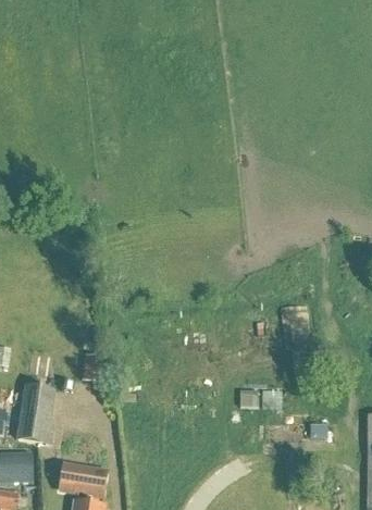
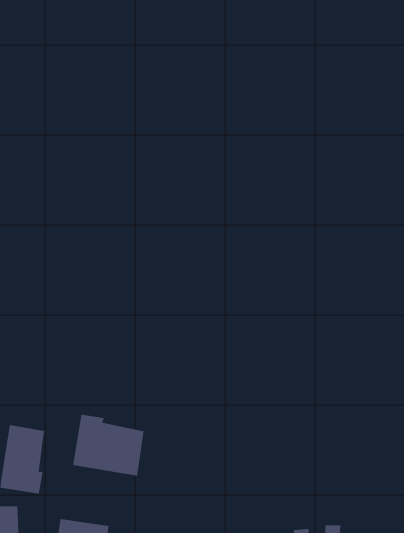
building: none -> [73,414,144,476]

